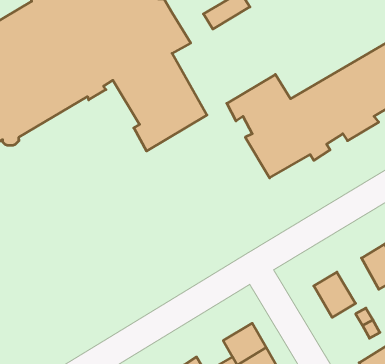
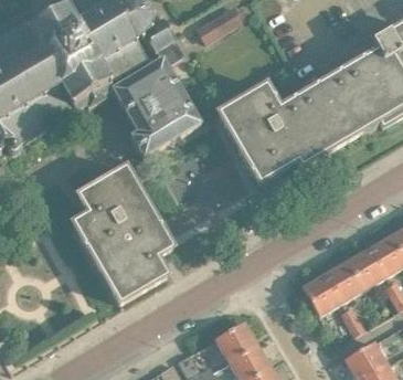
building: none -> [72,168,172,304]
building: none -> [324,260,363,303]

